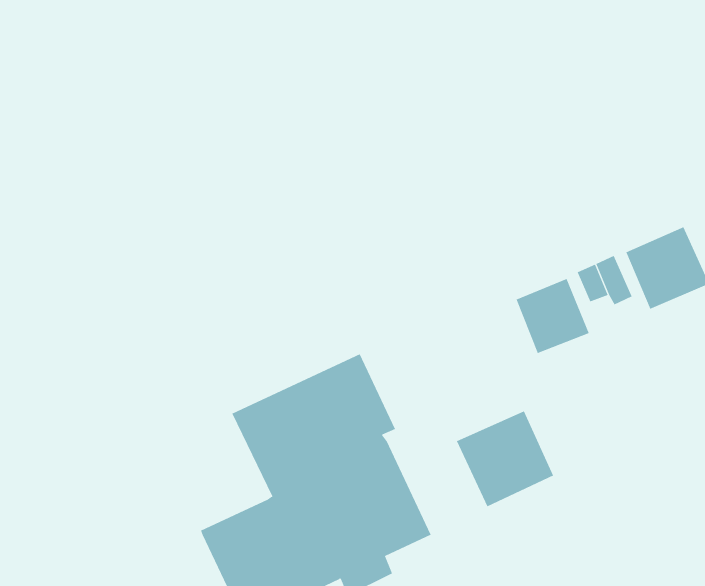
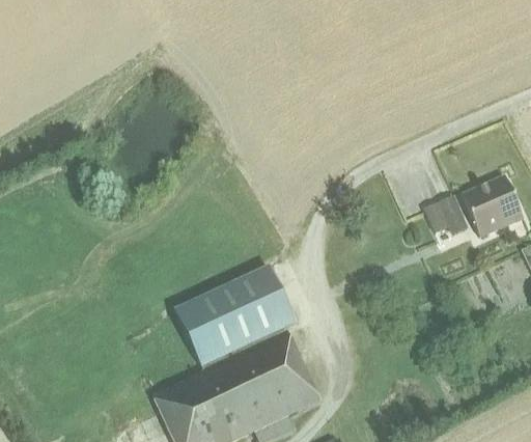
building: [516,278,590,354] -> none
building: [456,411,554,507] -> none

